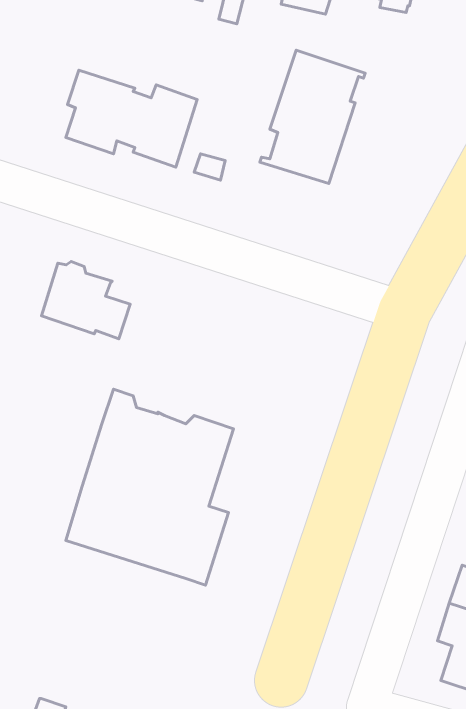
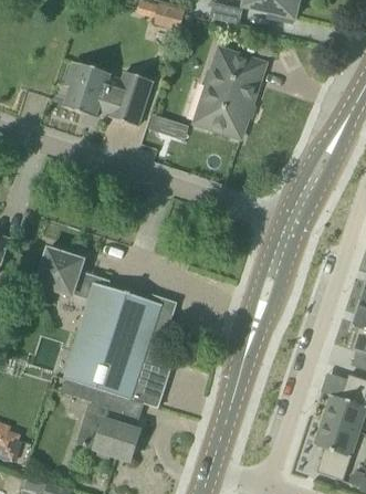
building: [41,262,130,339] -> [35,246,95,298]
building: none -> [60,377,144,461]

